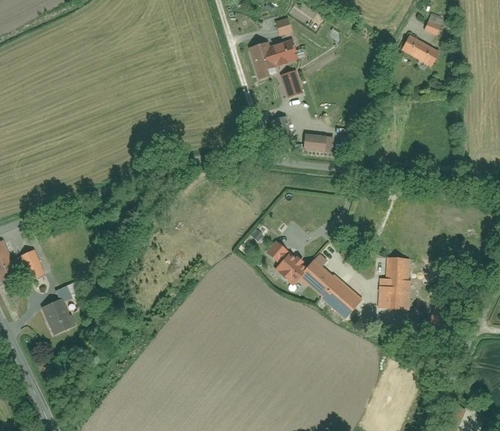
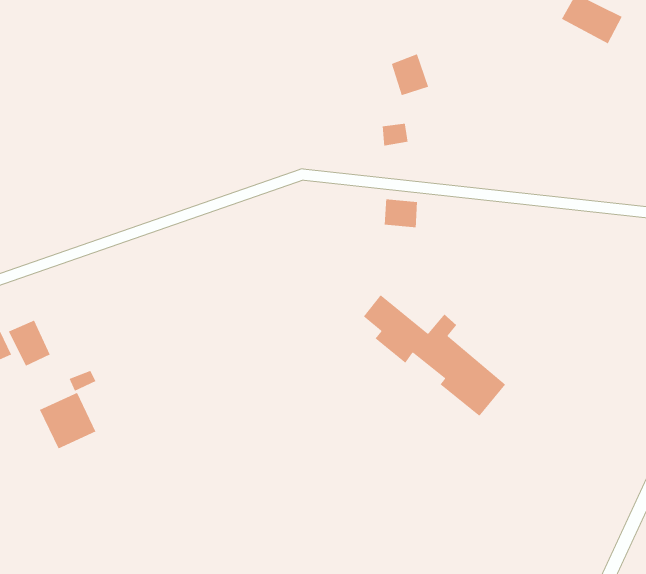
building: [253,42,301,84] -> none
building: [300,130,323,150] -> [384,198,418,228]
building: [375,253,408,307] -> none

